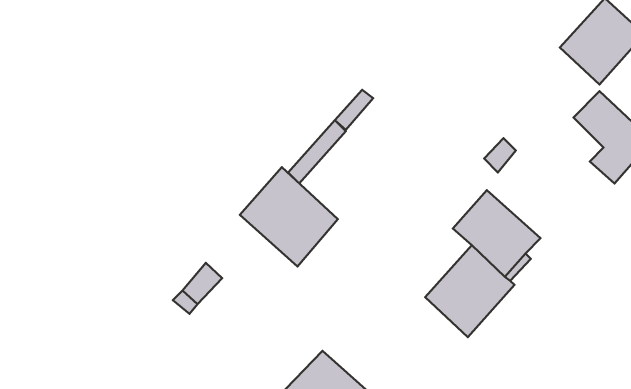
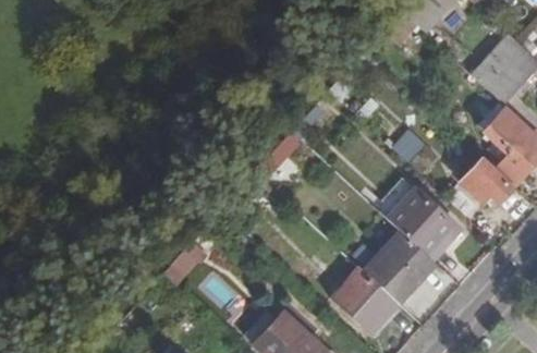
building: none -> [460,156,514,202]
building: [240,167,338,266] -> none
building: none -> [333,267,400,332]

